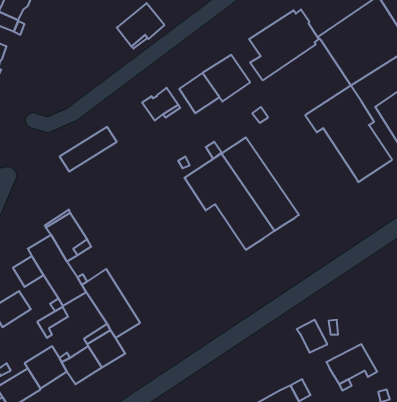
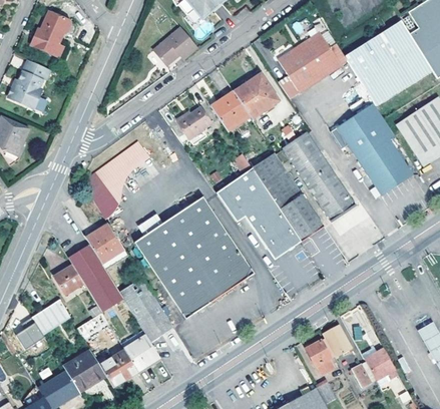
building: none -> [283,133,355,222]
building: none -> [81,171,118,215]
building: none -> [134,196,254,320]
building: none -> [307,339,333,373]

